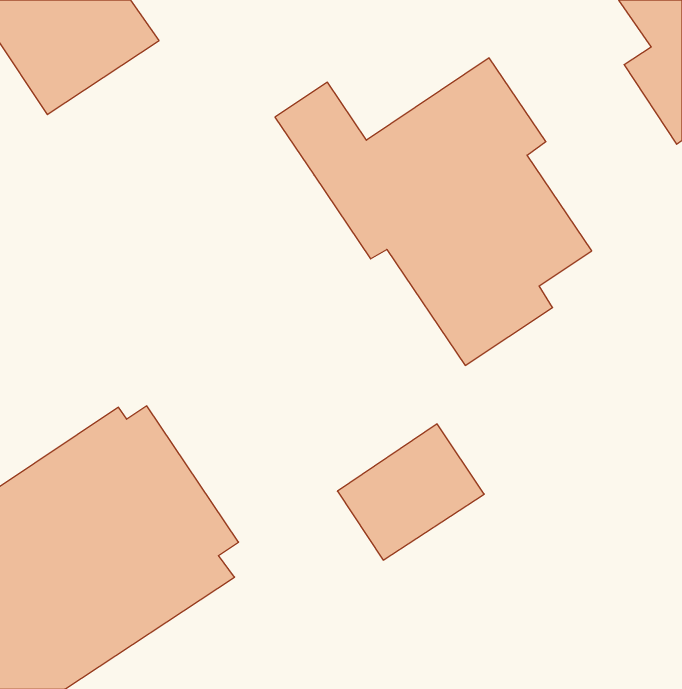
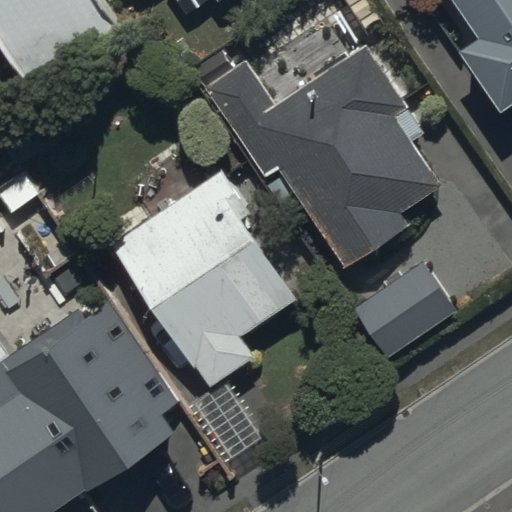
building: none -> [113,176,295,388]
building: [337,424,484,560] -> [350,261,459,362]

